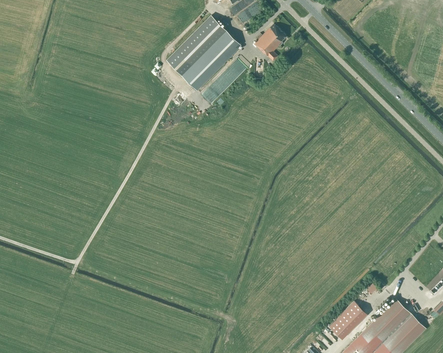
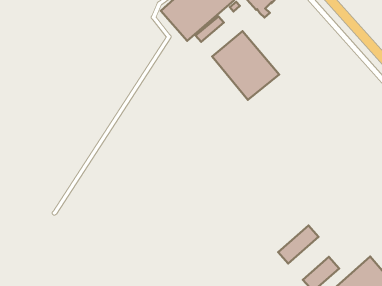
building: none -> [212,31,279,100]
building: none -> [278,226,319,264]

